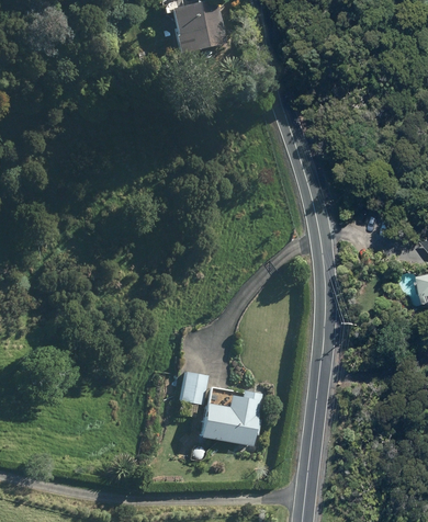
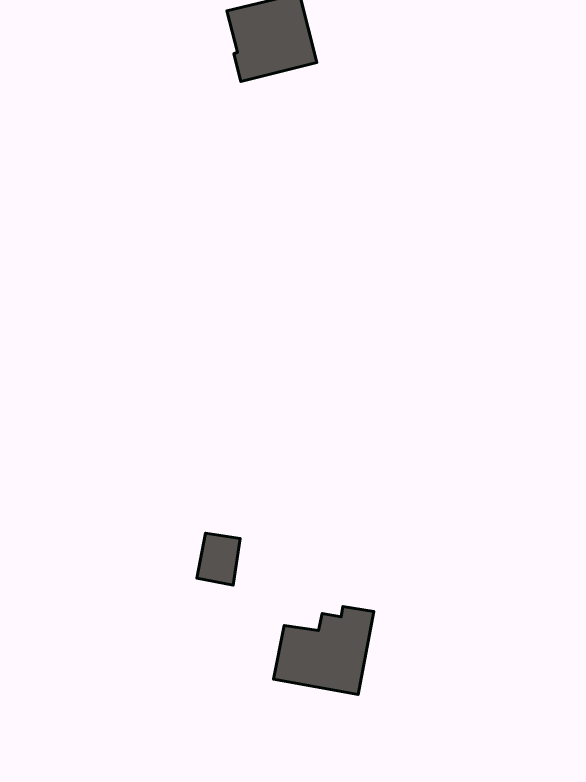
building: [180,371,207,404] -> [197,533,240,585]

